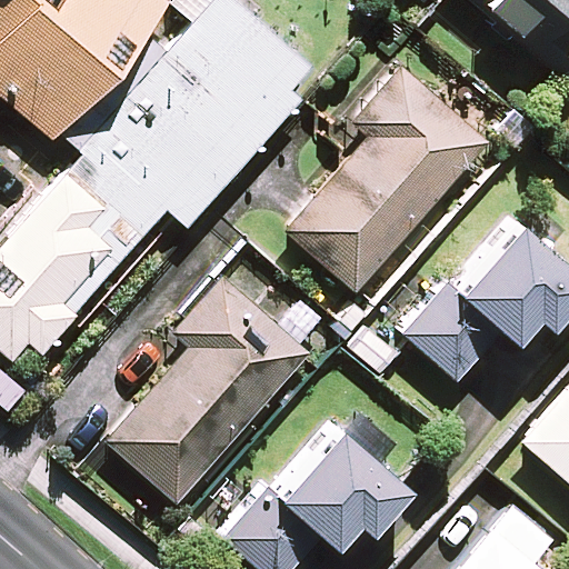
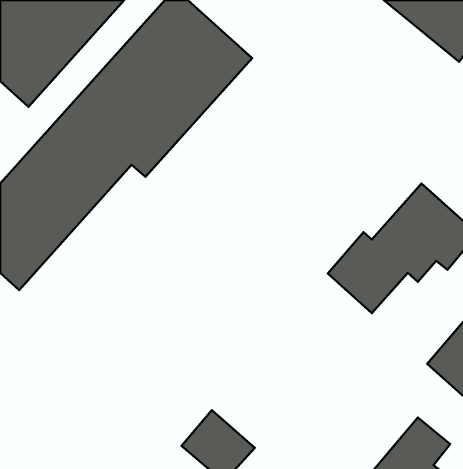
building: [289,68,488,291] -> none
building: [109,277,310,502] -> none
building: [277,426,409,547] -> none

